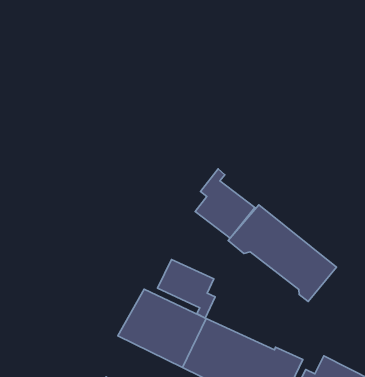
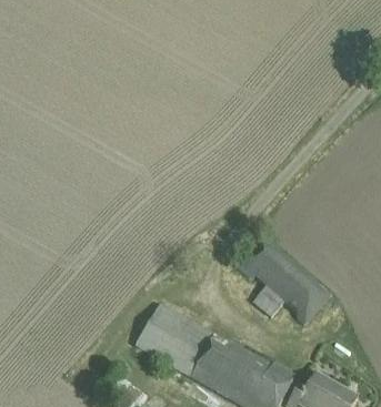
building: [195,169,255,238] -> none
building: [157,259,215,318] -> none

